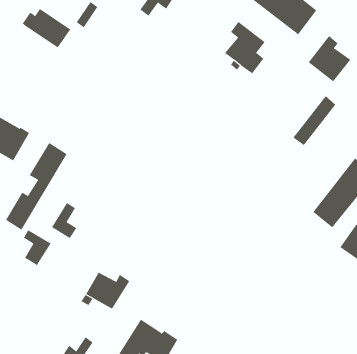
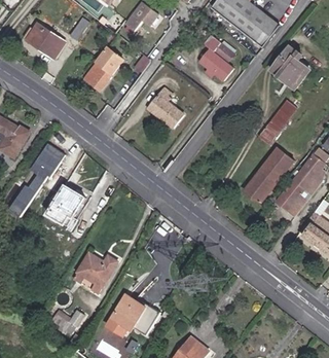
building: none -> [84,47,117,88]
building: none -> [147,86,184,128]
building: none -> [244,148,293,203]
building: [23,230,51,266] -> [61,185,85,217]

